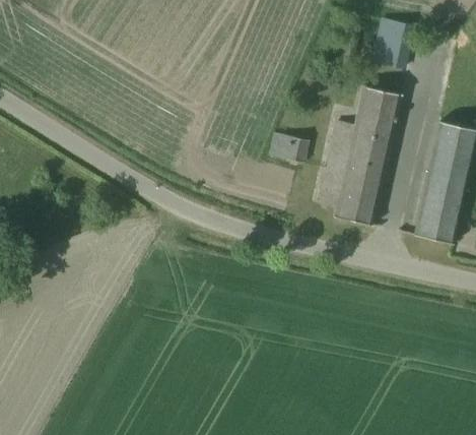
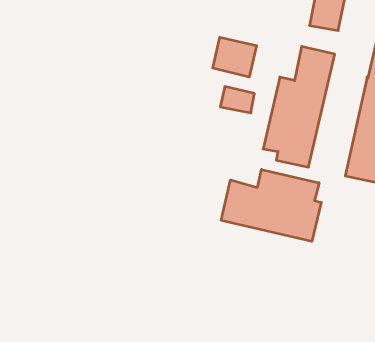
building: none -> [213,37,257,77]
building: none -> [221,169,321,241]

